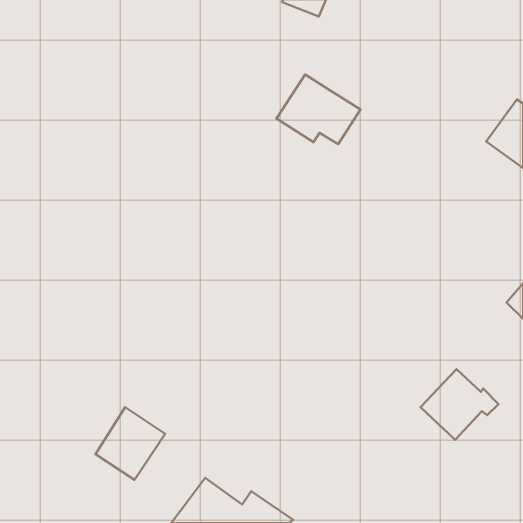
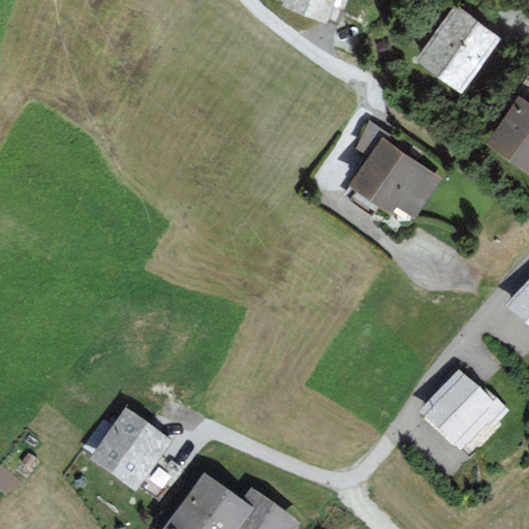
building: none -> [418,9,493,86]
building: [277,75,361,144] -> [352,139,437,210]

